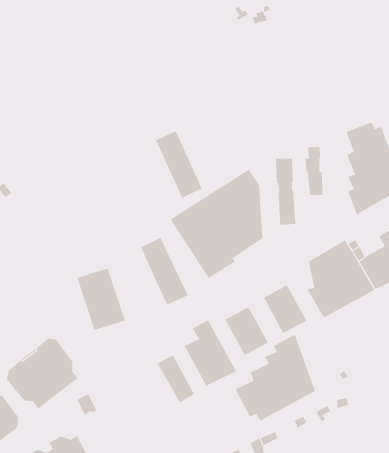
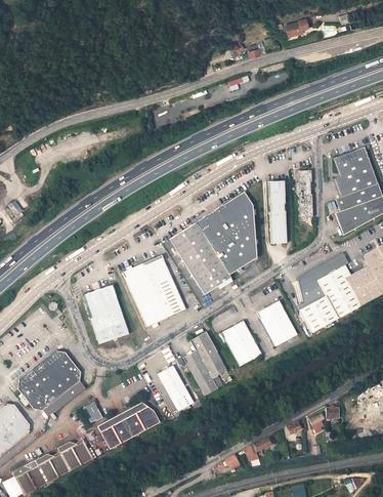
building: [155,130,203,198] -> [123,264,167,328]
building: [235,334,316,422] -> none
building: none -> [96,402,160,449]

